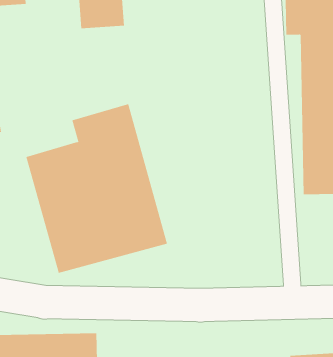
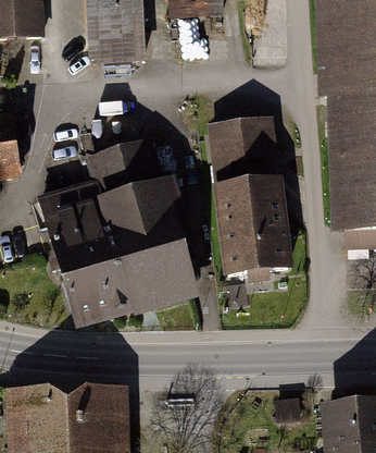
building: none -> [210,117,288,273]

